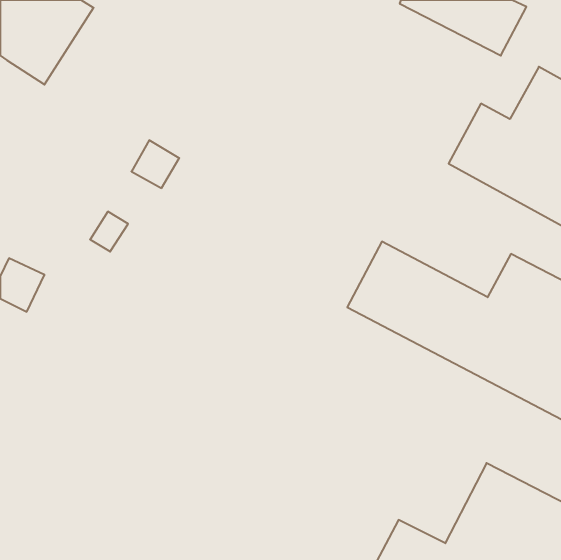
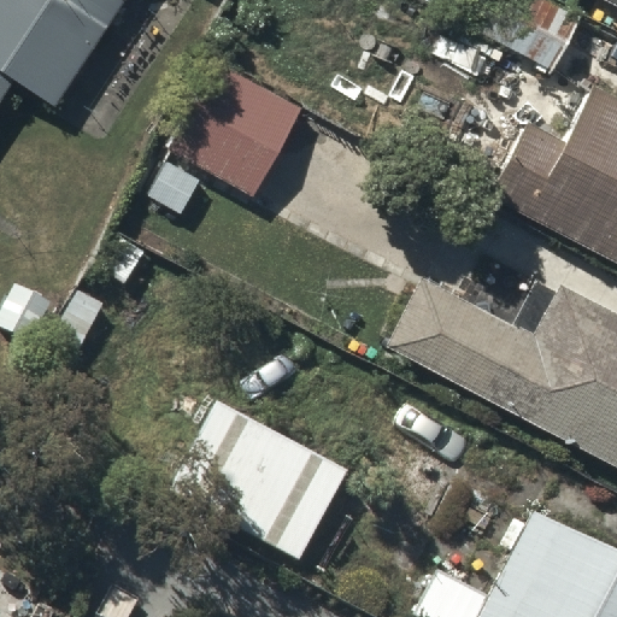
building: none -> [169,63,300,190]
building: none -> [171,405,349,564]

